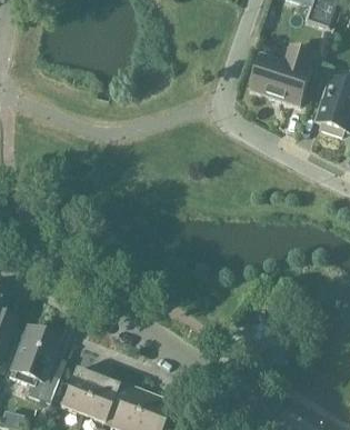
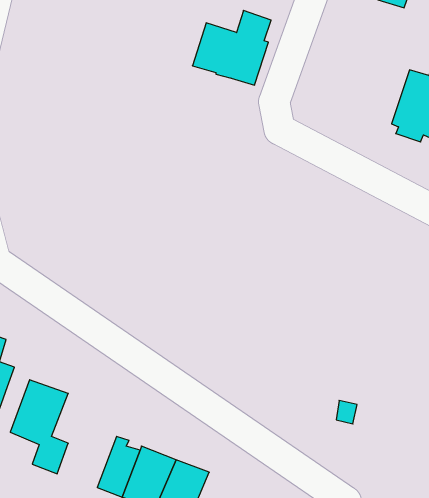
building: [250,44,313,104] -> [192,10,271,85]
building: [60,367,97,412] -> none

